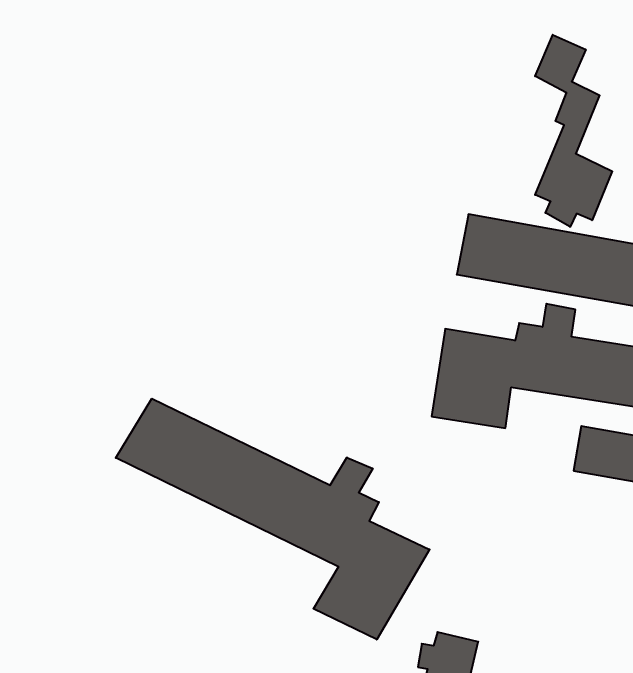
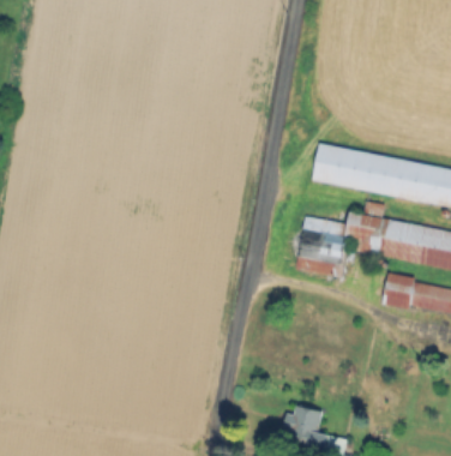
building: [535,35,612,227] -> none
building: [116,399,430,640] -> none

